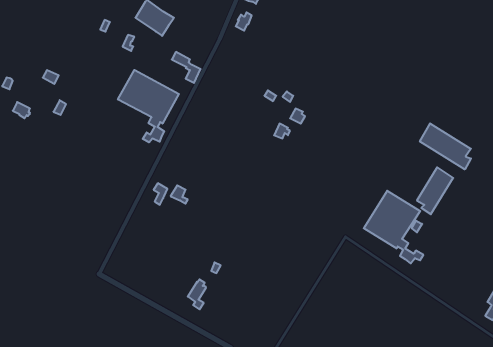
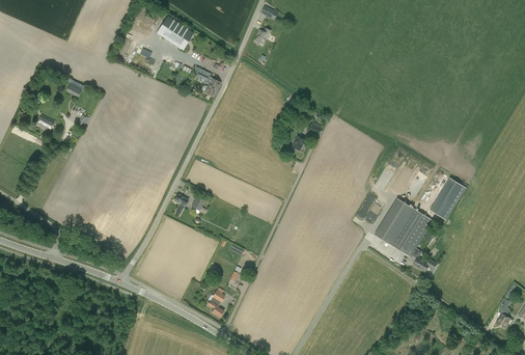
building: [118,70,179,142] -> none
building: [420,123,471,169] -> none

